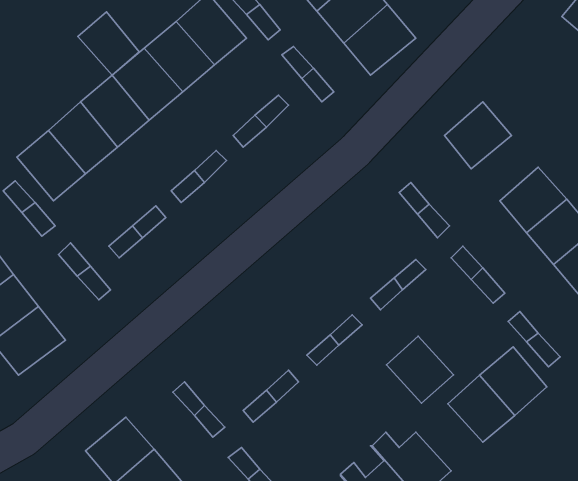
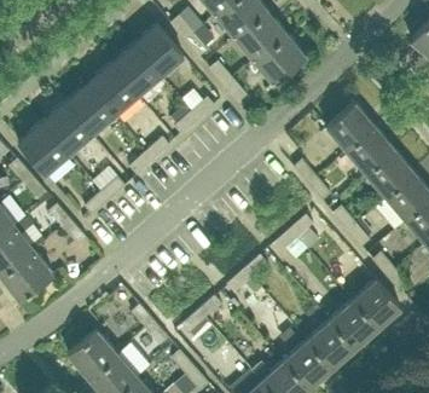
building: [78,12,139,75] -> none
building: none -> [346,127,394,174]
building: [386,336,454,403] -> [306,320,354,369]

